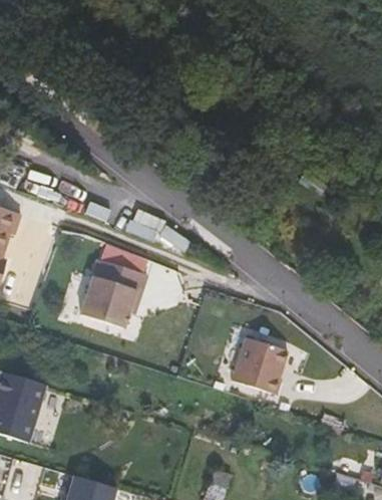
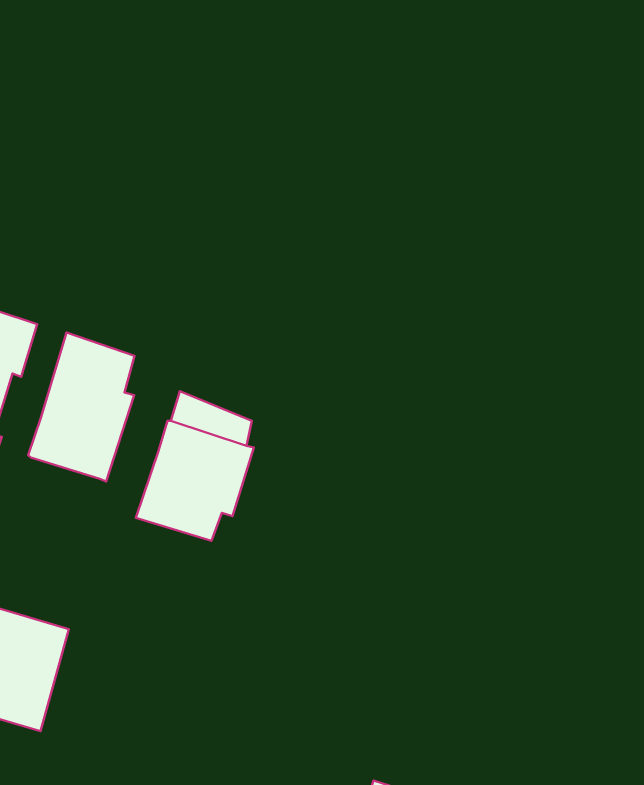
building: none -> [28,333,135,481]
building: [232,341,287,399] -> none

